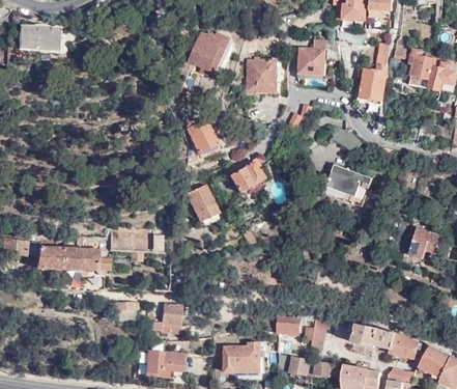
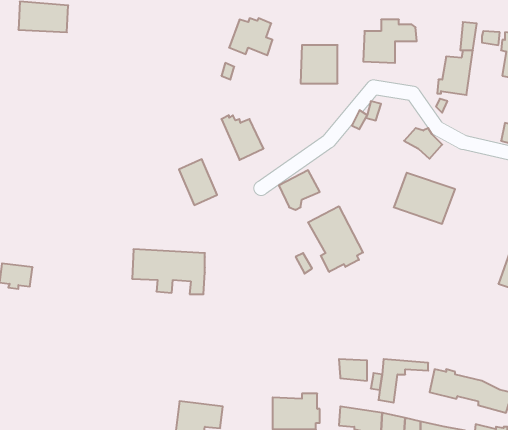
building: [187,185,218,222] -> [179,159,217,205]
building: none -> [308,206,363,272]
building: [36,244,109,270] -> none
building: [150,304,181,335] -> none

